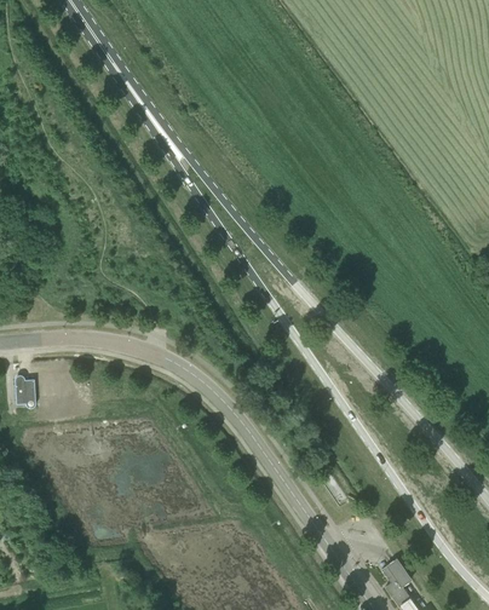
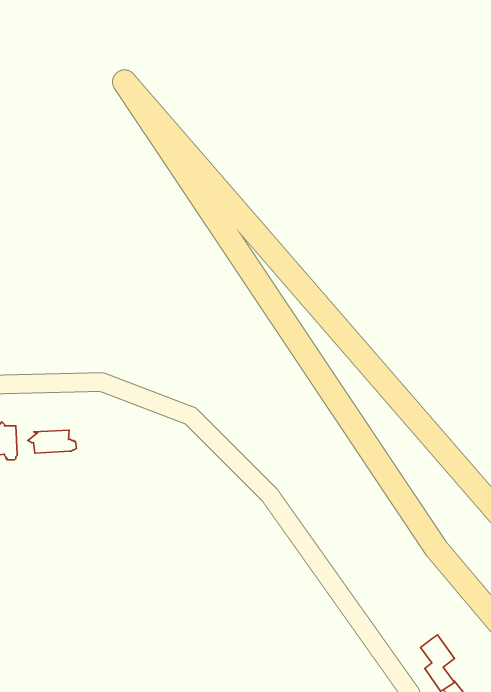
building: none -> [28,430,76,453]

